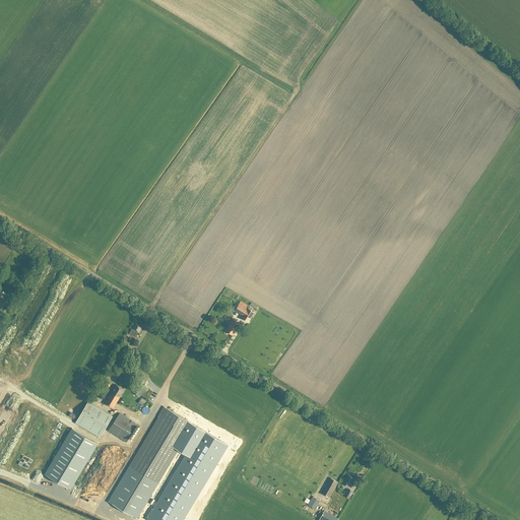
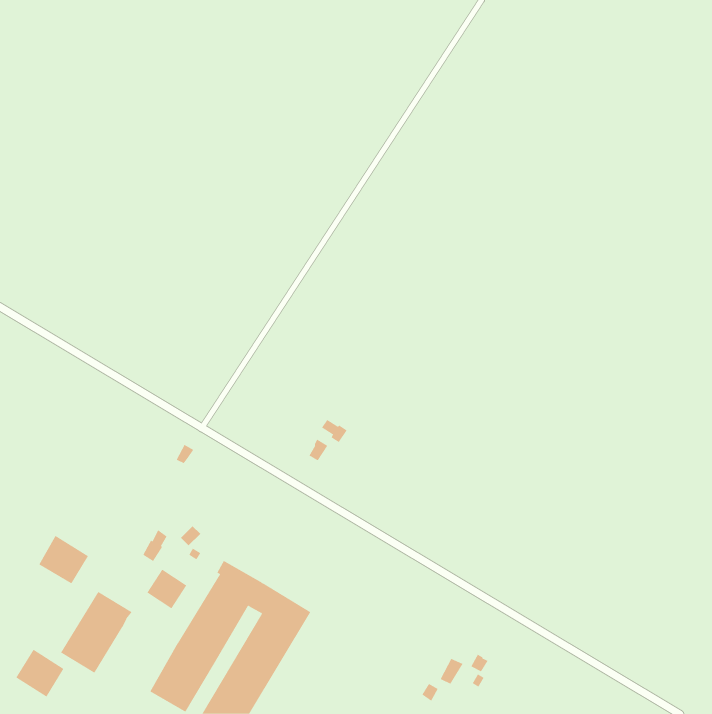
building: [74,402,111,438] -> [38,535,89,584]
building: none -> [16,649,64,697]

